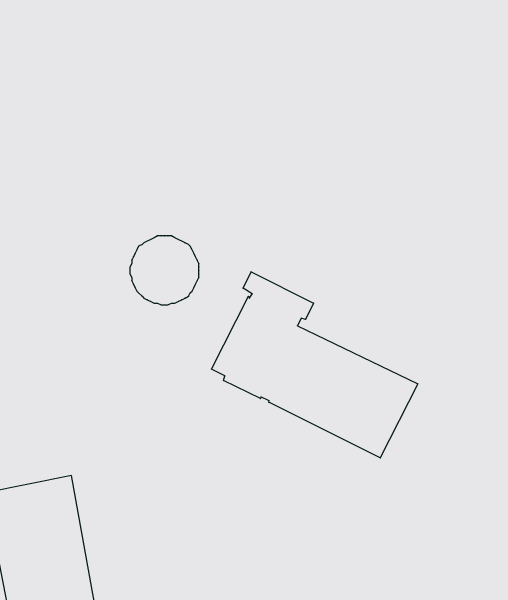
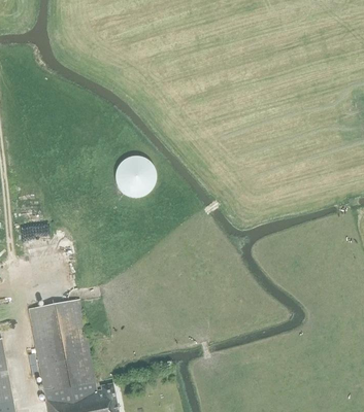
building: [211,272,418,458] -> none

